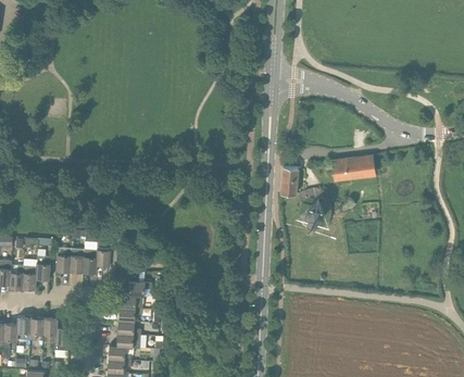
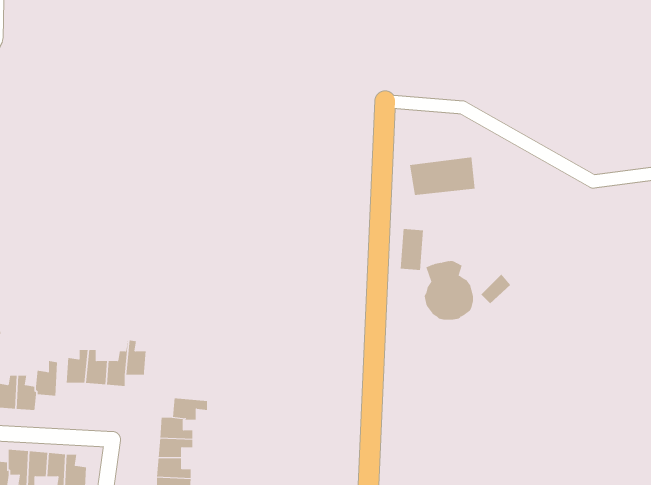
building: [330,155,375,181] -> [409,157,475,195]

